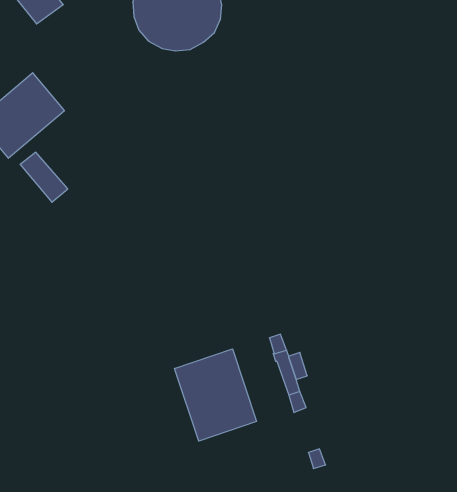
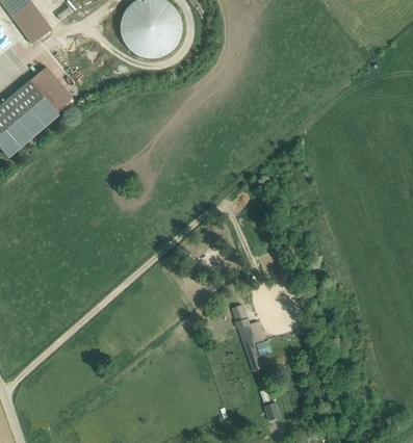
building: [20,152,68,202] -> [29,72,70,114]
building: [175,349,257,441] -> none

